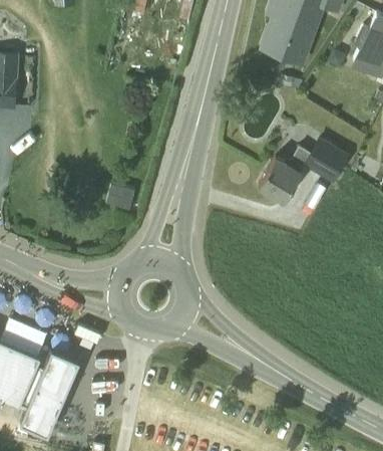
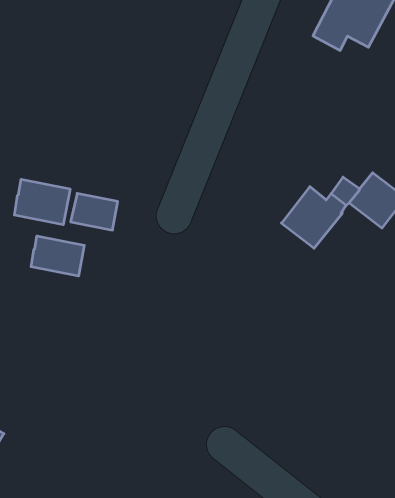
building: none -> [14,179,70,225]
building: none -> [31,236,84,276]

